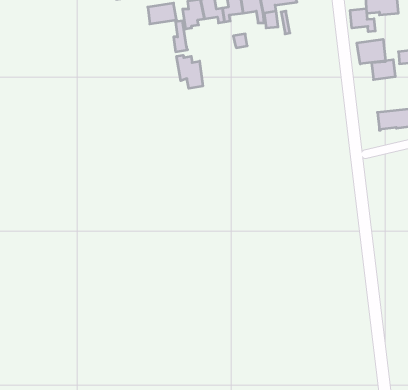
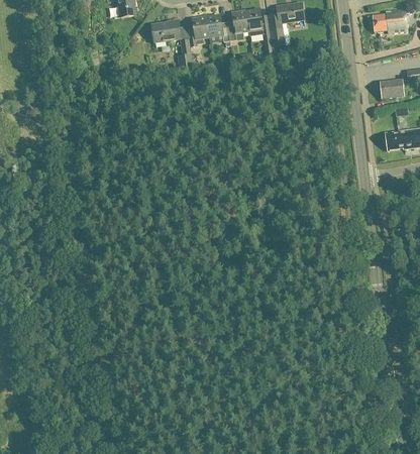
building: [350,9,375,32] -> none
building: [357,39,385,64] -> none
building: [177,55,203,88] -> none

